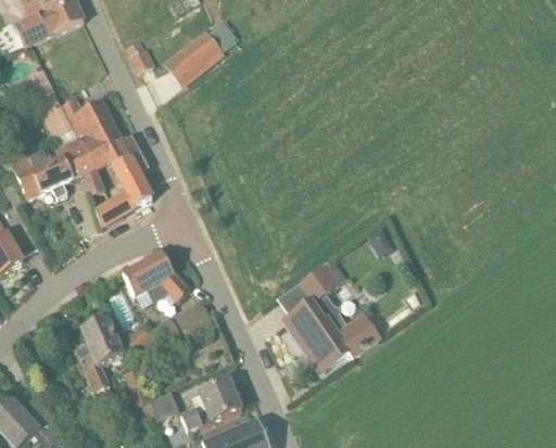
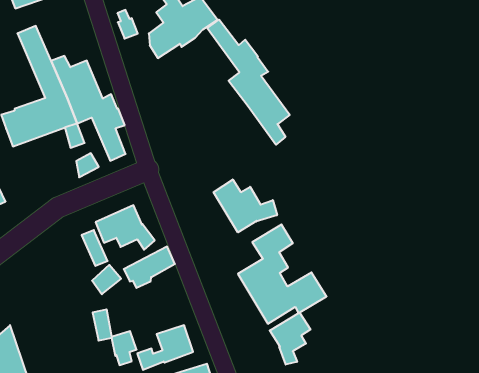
building: none -> [207,20,290,145]
building: none -> [214,179,277,232]
building: [74,318,123,397] -> none
building: none -> [270,313,310,365]

